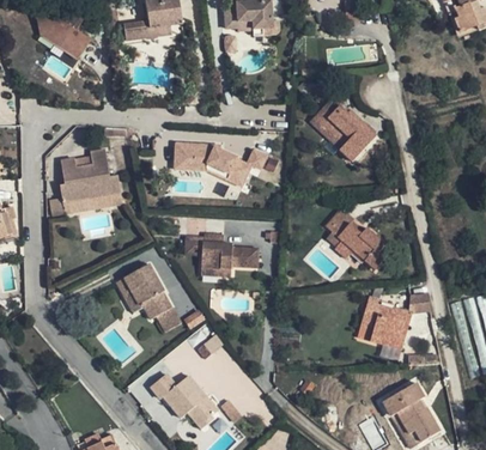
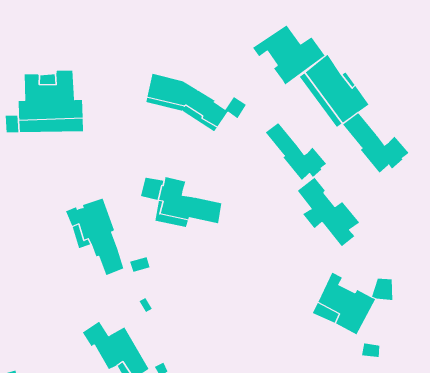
building: none -> [252,25,326,85]
building: none -> [342,112,409,174]
building: none -> [265,122,327,181]

